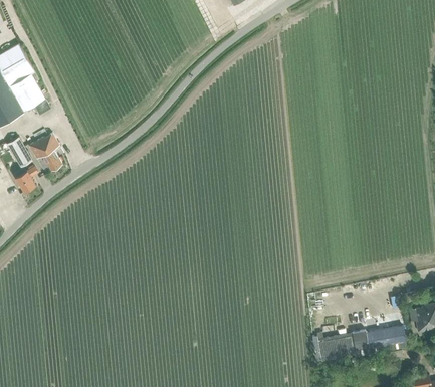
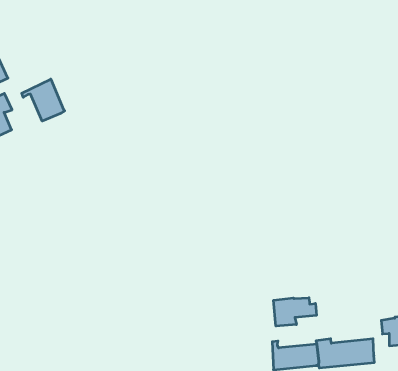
building: none -> [22,79,65,121]
building: none -> [274,298,316,326]

